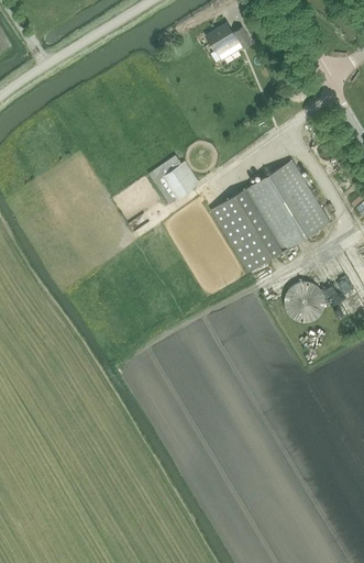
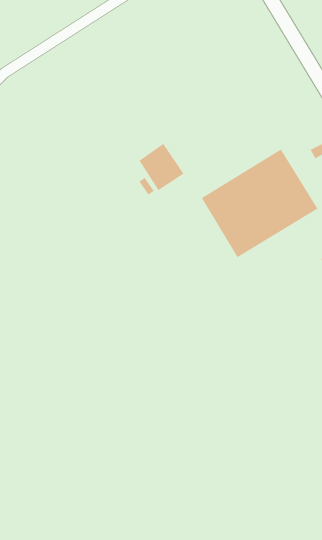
building: [206,22,251,58] -> none
building: [287,279,327,319] -> none

